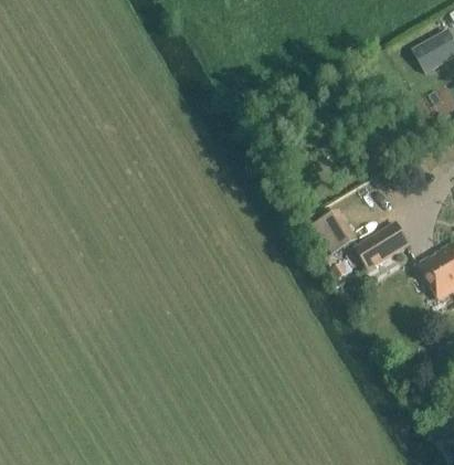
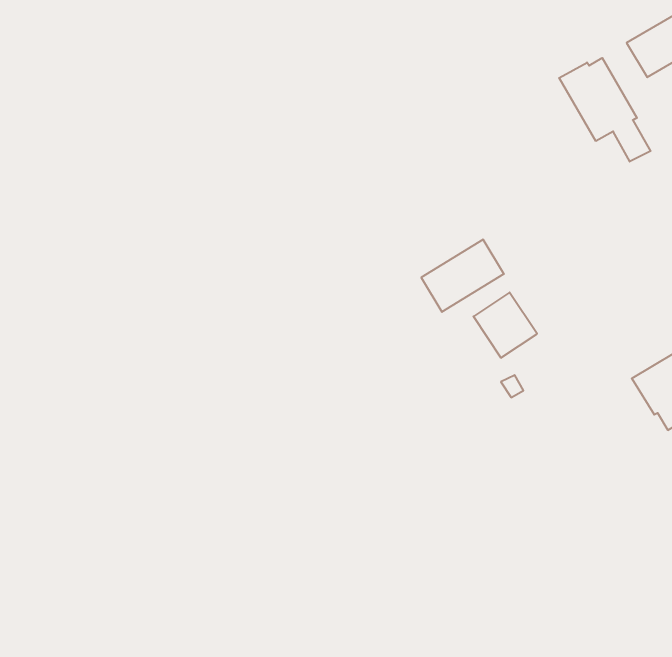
building: none -> [559,58,651,162]
building: [356,222,409,268] -> [421,240,504,312]

